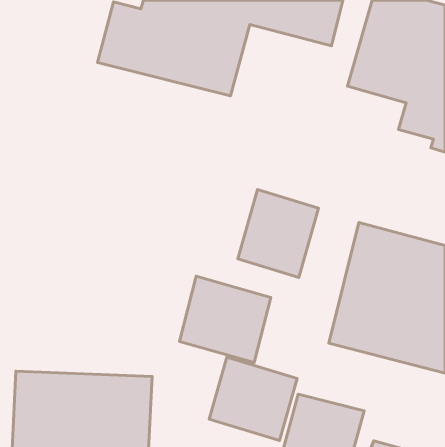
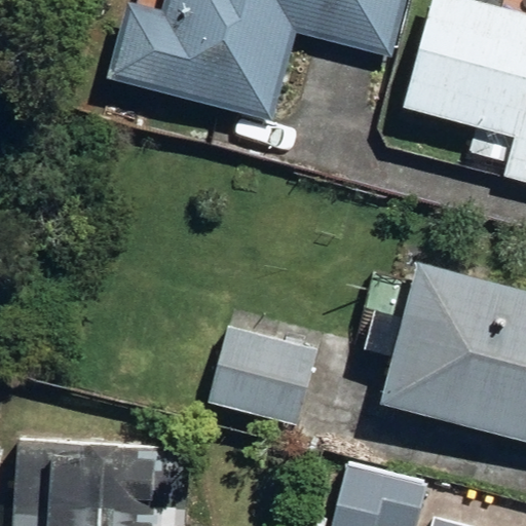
building: [238,189,319,278] -> none
building: [209,357,297,441] -> none

